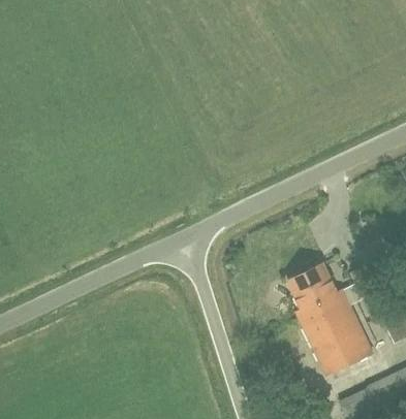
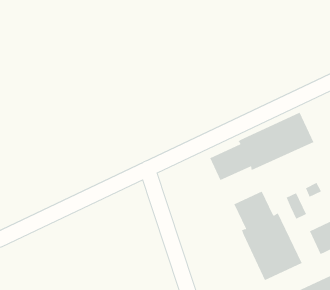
building: none -> [209,112,314,181]

